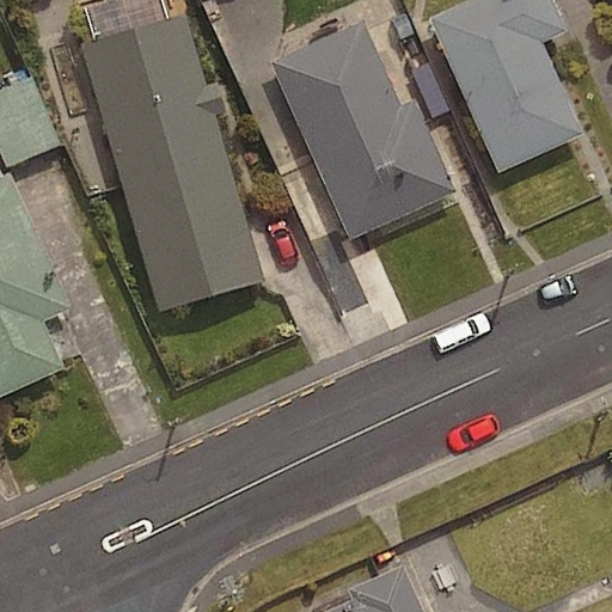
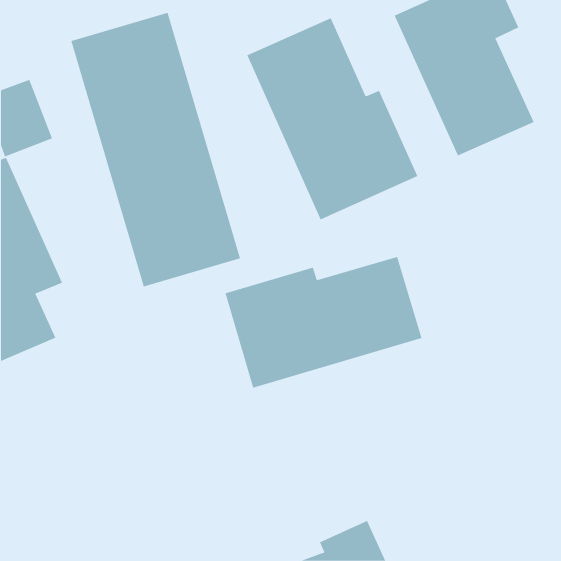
building: none -> [225,256,422,388]

